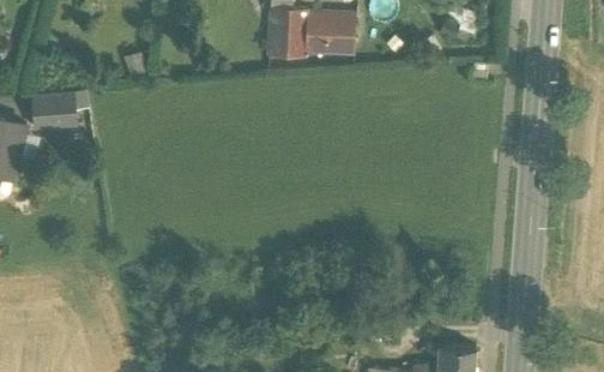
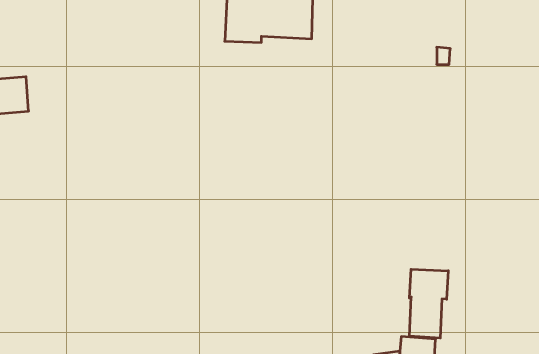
building: none -> [409,269,448,338]

